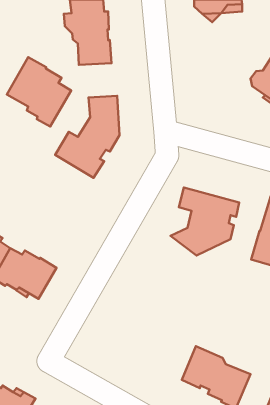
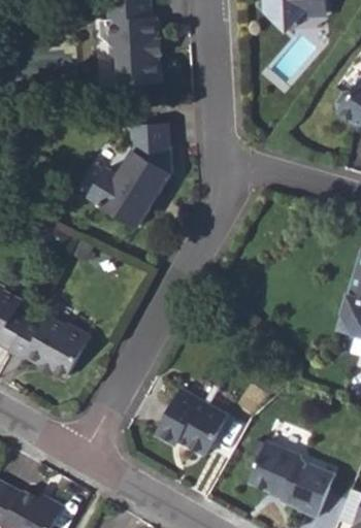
building: [7,57,71,127] -> none
building: [170,187,239,256] -> none
building: none -> [155,387,229,454]

